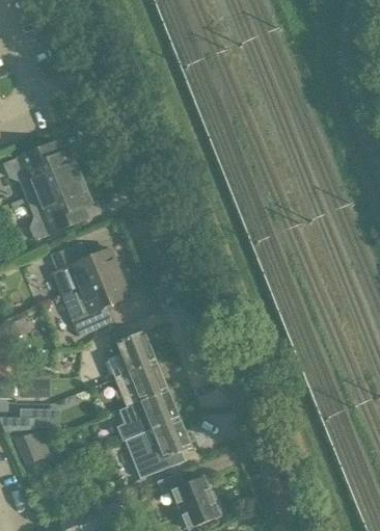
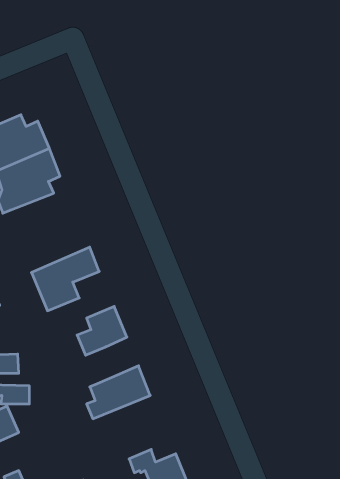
building: [50,244,119,298] -> none
building: [115,362,167,407] -> none
building: [133,419,191,466] -> none

